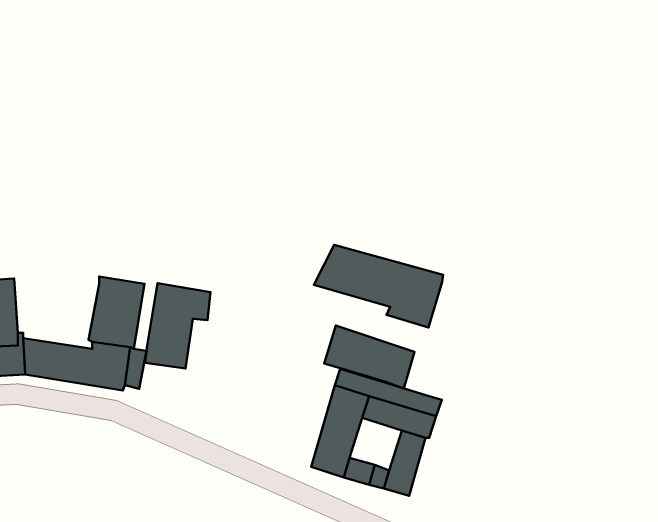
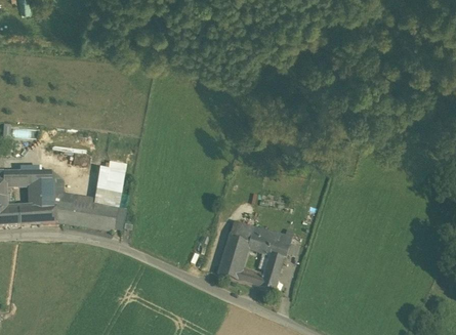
building: [314,245,443,328] -> none
building: [145,283,210,369] -> none
building: [324,325,414,388] -> none

